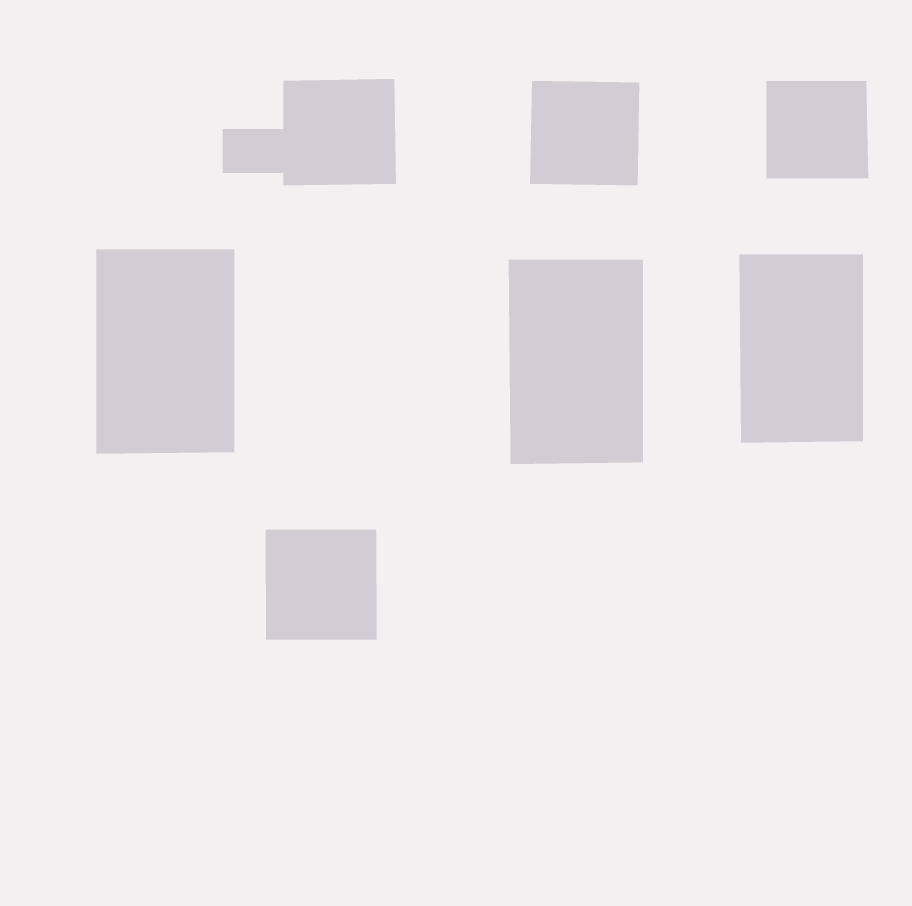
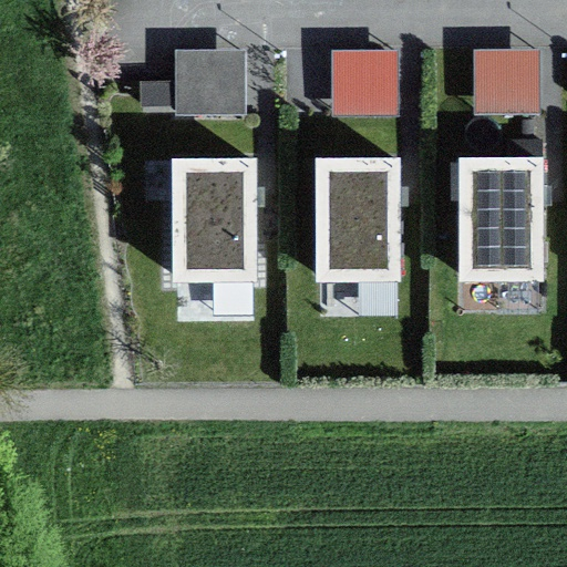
building: [96,249,235,454] -> [171,159,257,287]
building: [265,529,377,641] -> none

